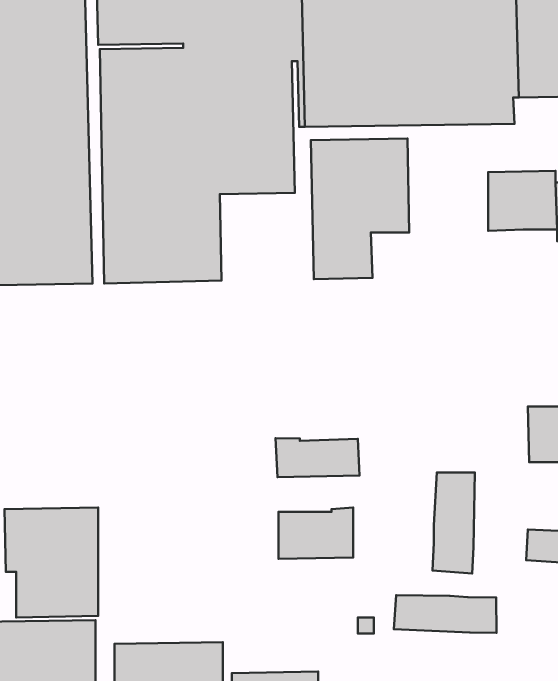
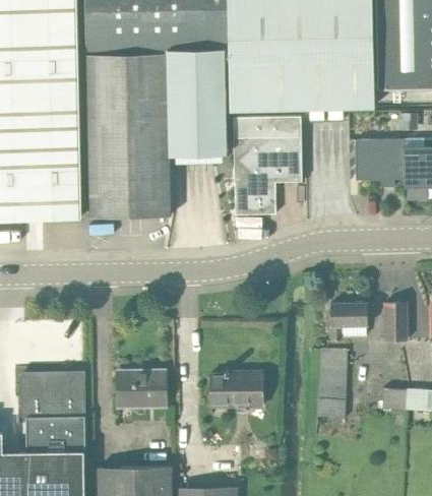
building: none -> [330,302,368,340]
building: [276,438,359,477] -> none
building: none -> [117,369,166,407]
building: [394,595,497,633] -> none

